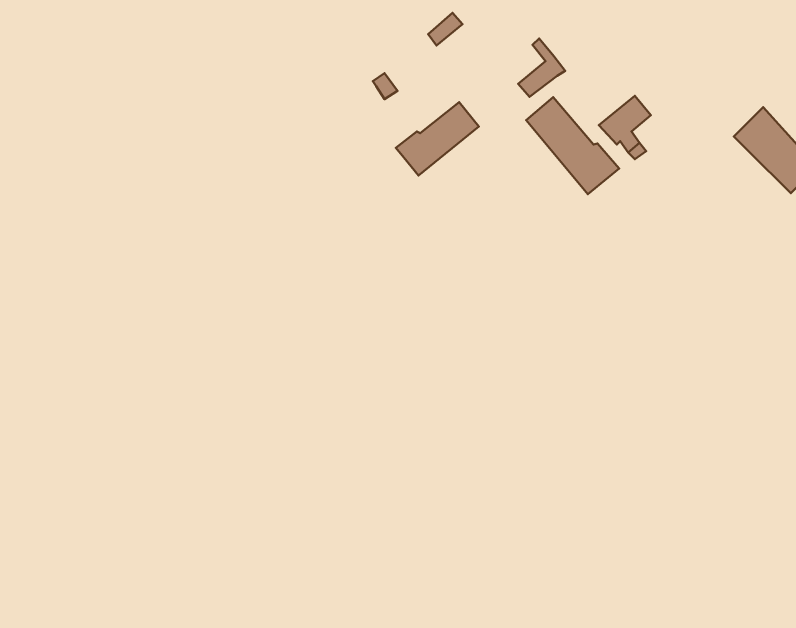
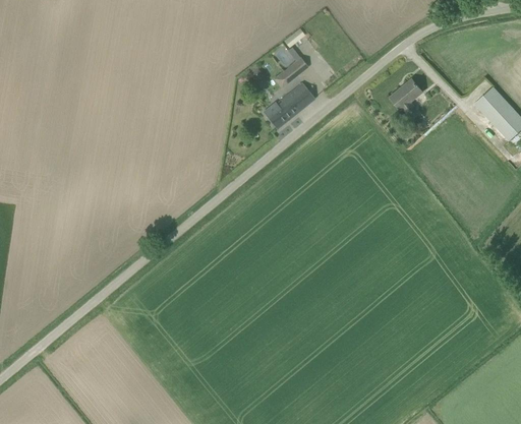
building: [518,38,565,97] -> [278,46,307,82]
building: [526,97,619,194] -> none

